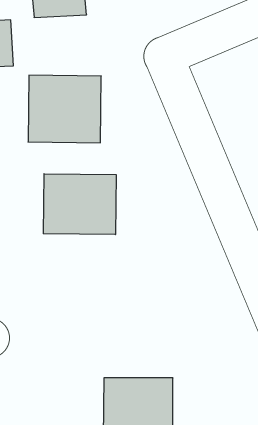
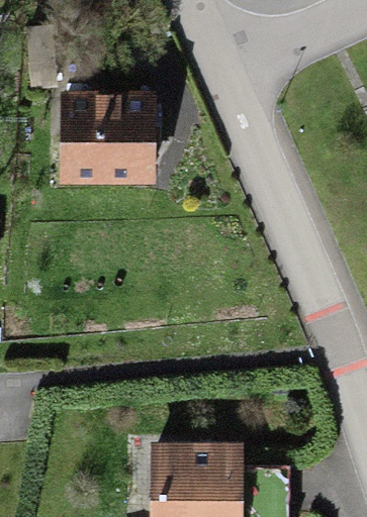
building: [43,174,116,235] -> none

